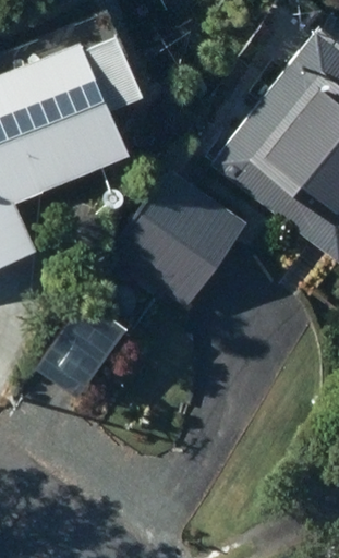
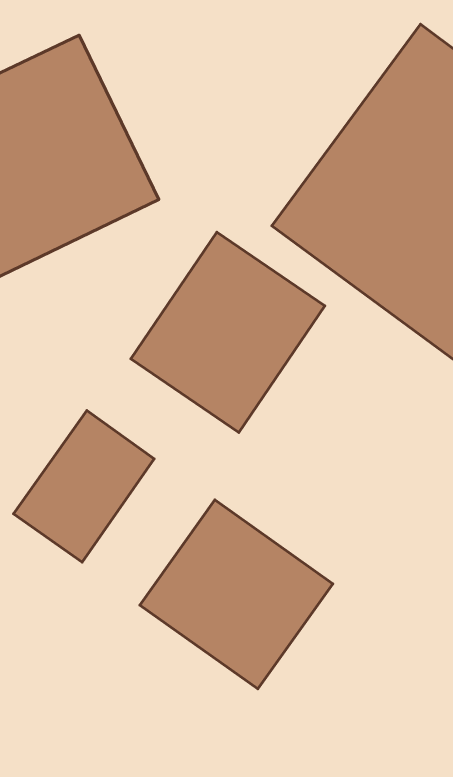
building: none -> [140,500,333,689]

